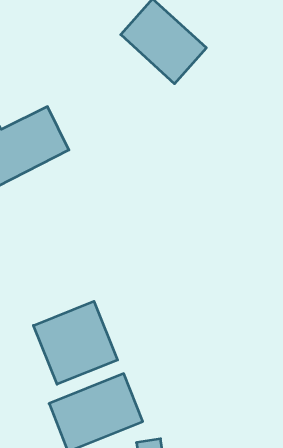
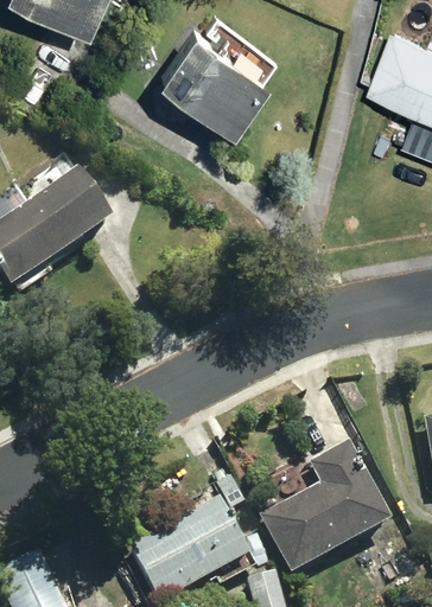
building: [33,301,118,384] -> none
building: none -> [258,439,392,573]

